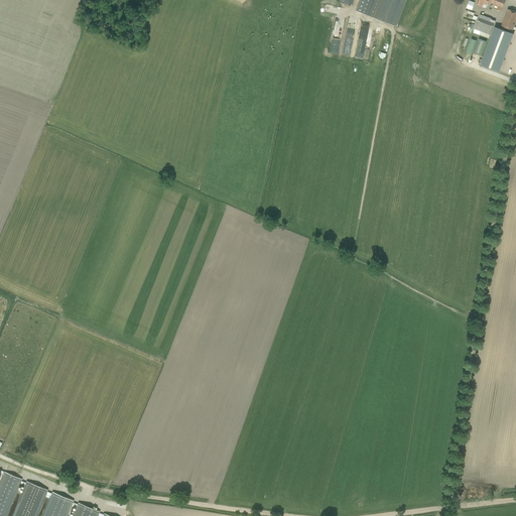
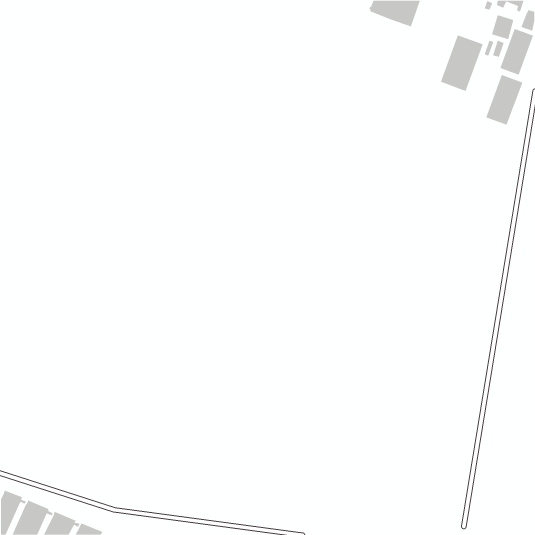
building: none -> [440,34,483,92]
building: none -> [486,74,523,126]

